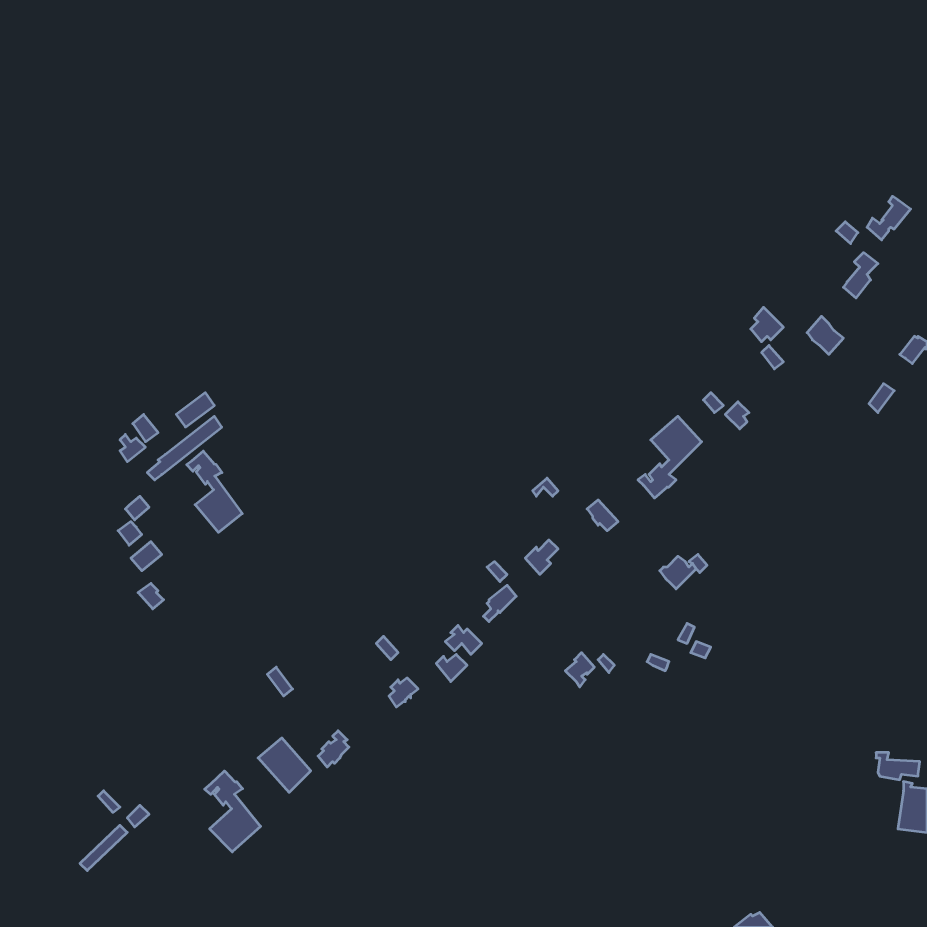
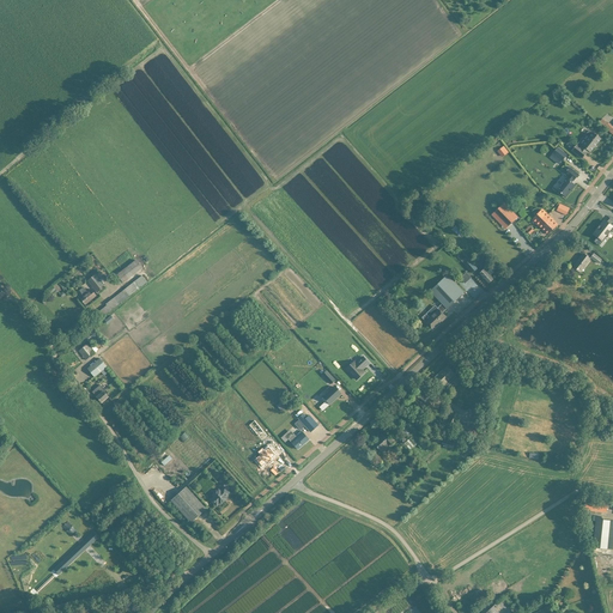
building: [187,451,242,532] -> none
building: [205,771,261,852] -> none

